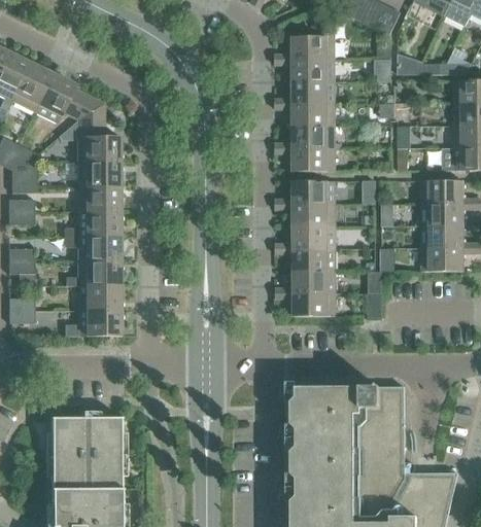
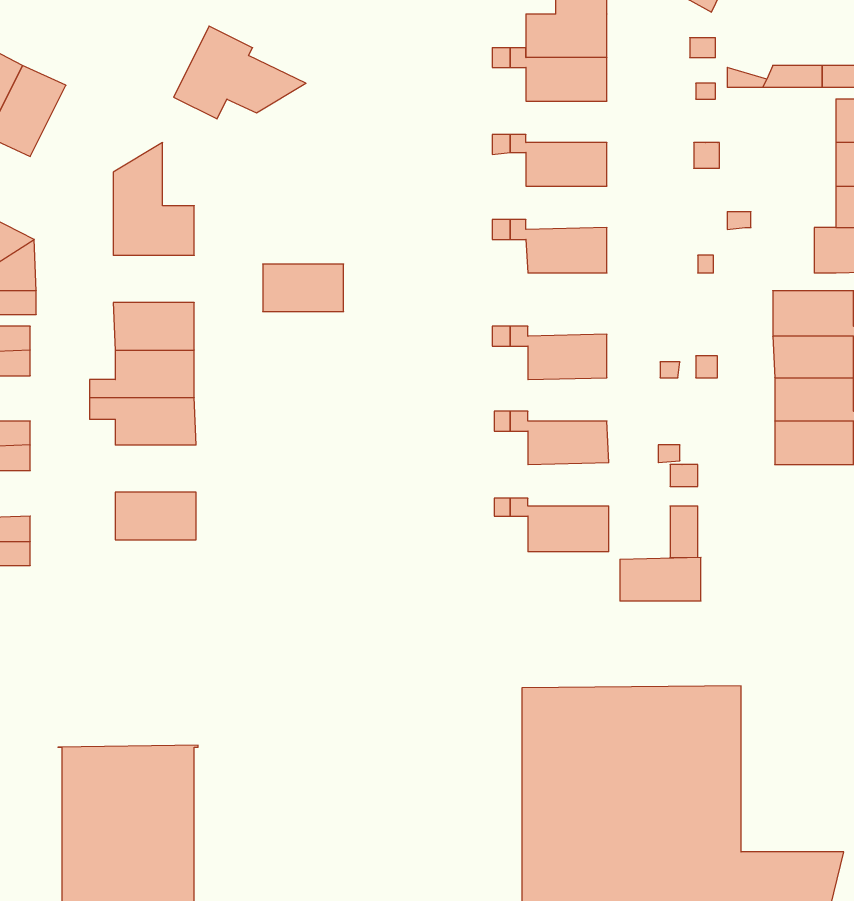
building: [34,73,103,121] -> [174,26,306,119]
building: [293,81,335,103] -> none
building: [293,126,335,148] -> none
building: [77,162,119,186] -> [263,264,344,312]
building: [293,181,335,204] -> none
building: [294,225,335,248] -> none
building: [66,260,121,285] -> none
building: [294,270,336,292] -> [620,557,701,601]
building: [64,310,121,336] -> none

